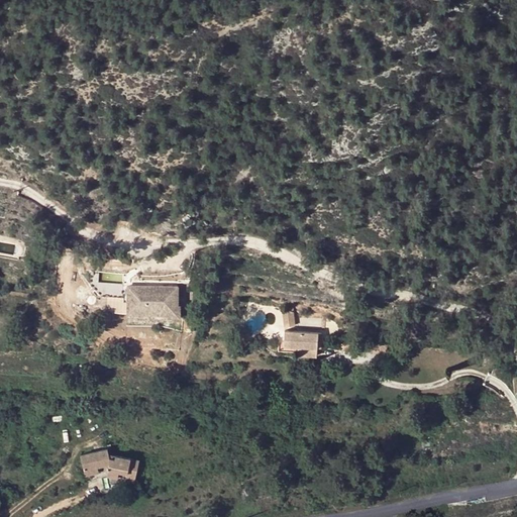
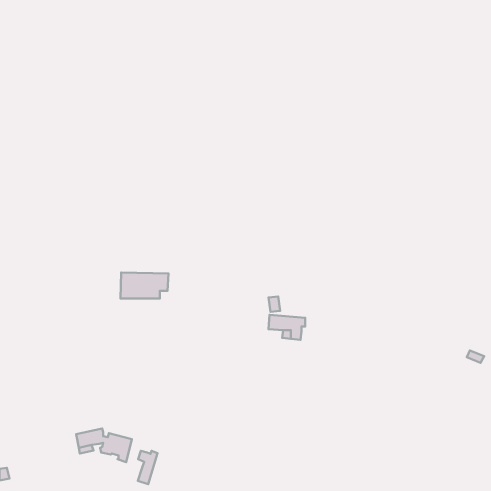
building: none -> [138,451,158,484]

